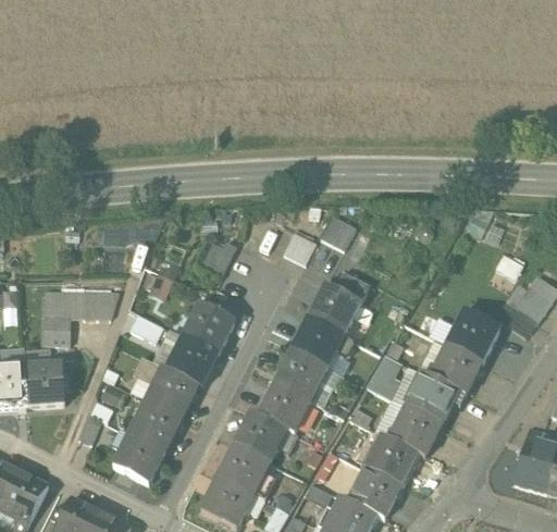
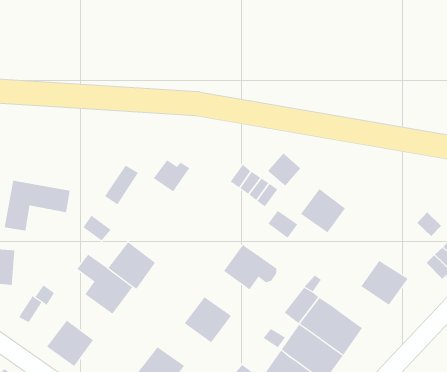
building: [309,288,358,336] -> [300,188,346,233]
building: [183,307,234,356] -> none
building: [418,339,481,395] -> none
building: [276,352,342,408] -> none
building: [129,403,180,451] -> none
building: [234,413,285,463] -> none

